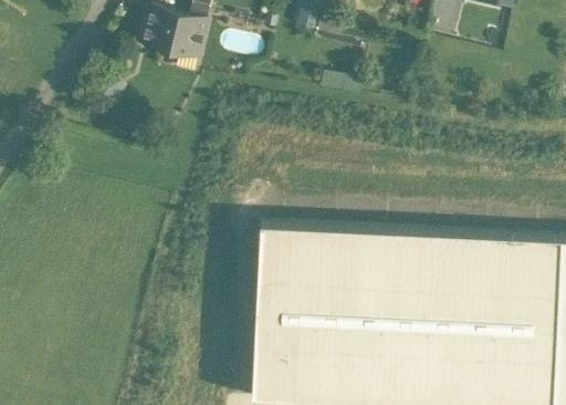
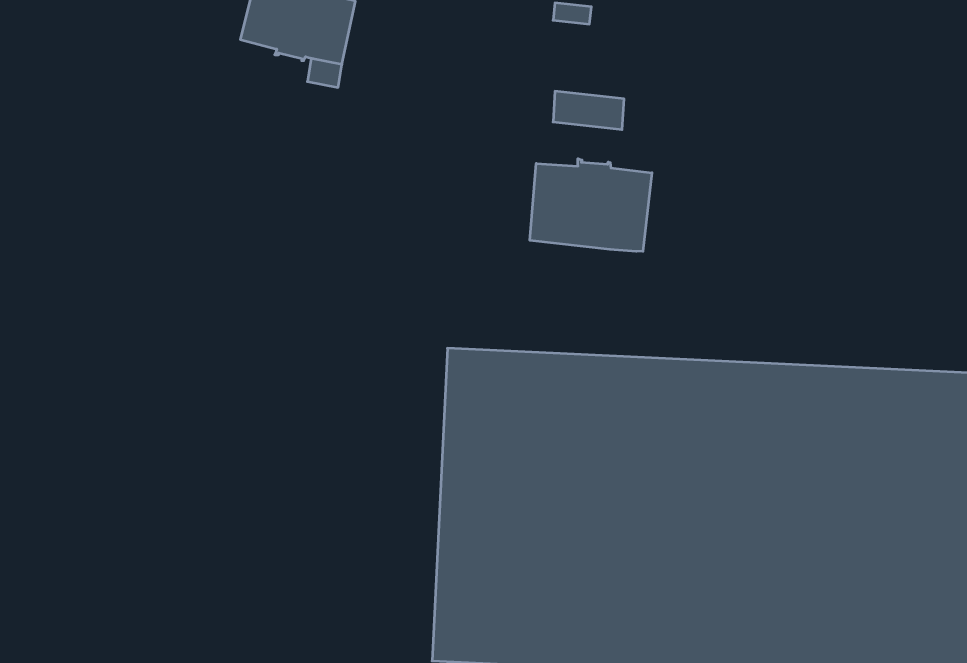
building: none -> [530,159,652,251]

